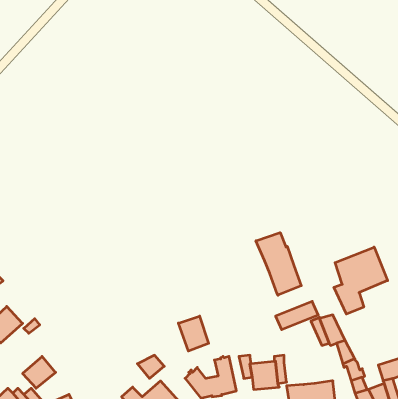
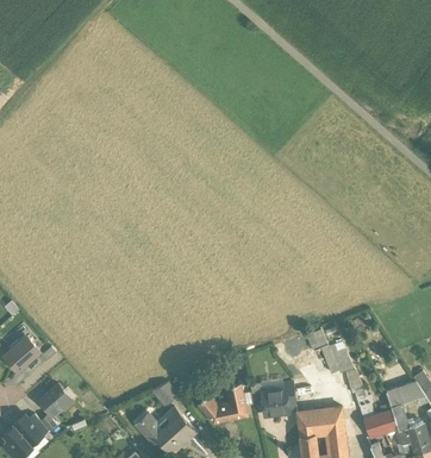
building: [256,233,301,295] -> none
building: [334,247,388,314] -> none
building: [178,316,209,351] -> none

